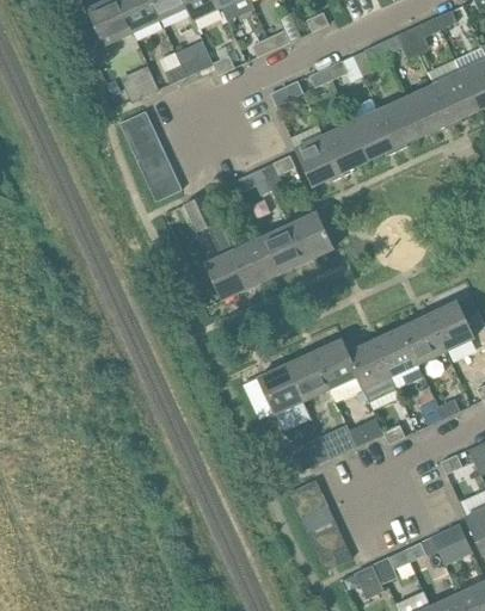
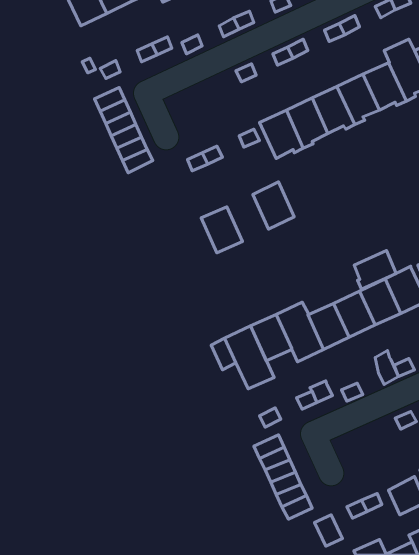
building: [183,193,250,300] -> none
building: [260,224,305,274] -> none
building: none -> [354,250,396,289]

